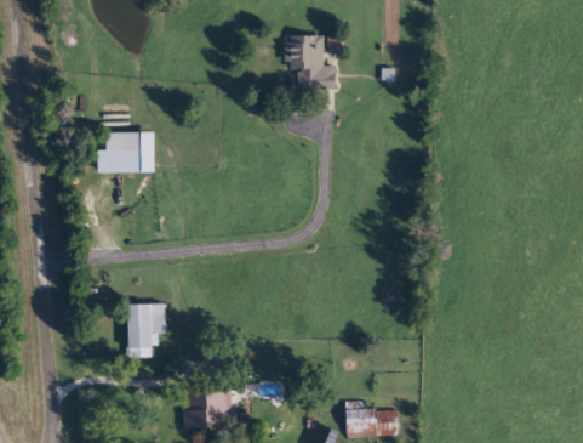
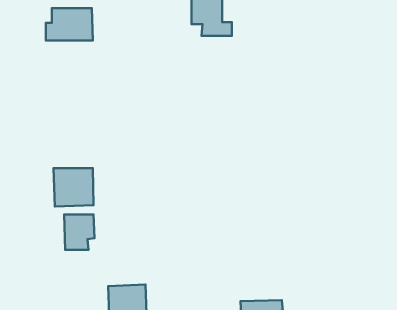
building: [97,132,155,172] -> [46,8,93,40]
building: none -> [54,168,94,206]

